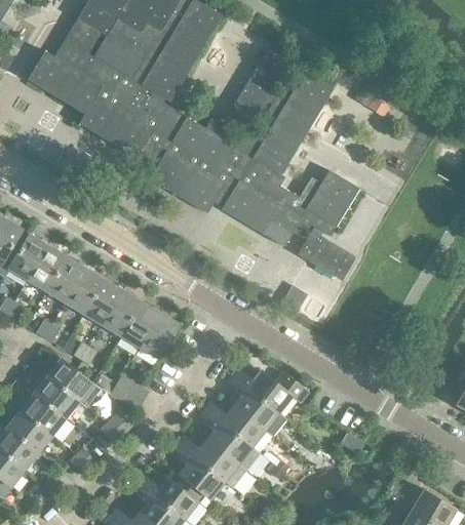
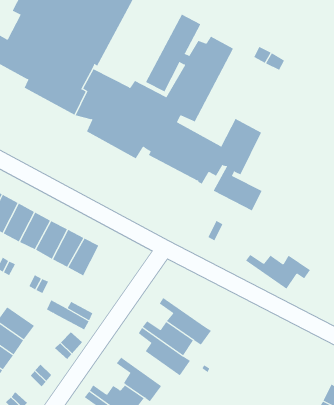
building: [140,312,180,359] -> none
building: [47,360,104,407] -> none
building: [232,369,309,413] -> [245,254,311,290]
building: [179,437,247,488] -> none

